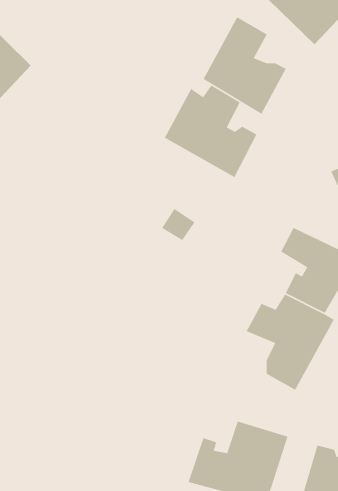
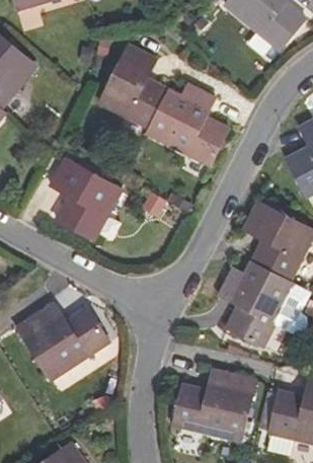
building: [202,16,287,115] -> [100,44,172,128]
building: none -> [48,160,115,240]
building: none -> [15,303,106,377]

